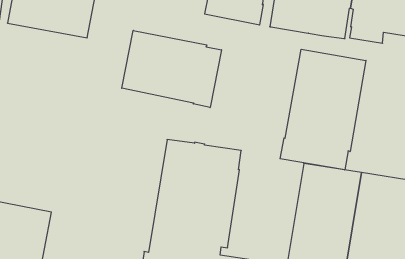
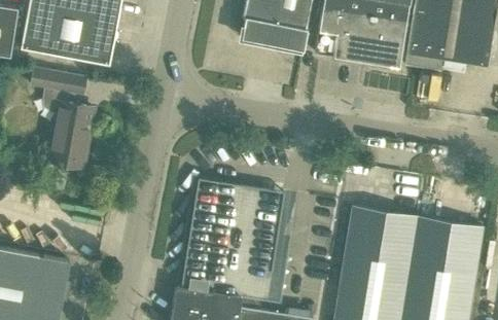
building: [122,30,221,108] -> none
building: none -> [31,68,94,159]
building: [280,49,366,170] -> none

